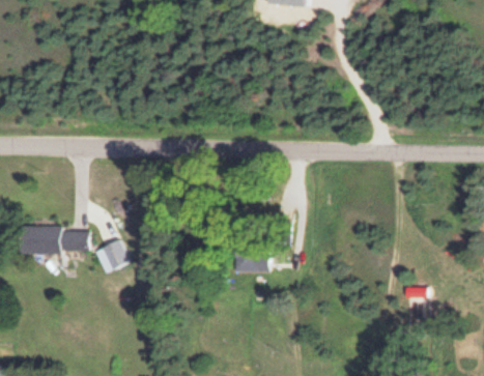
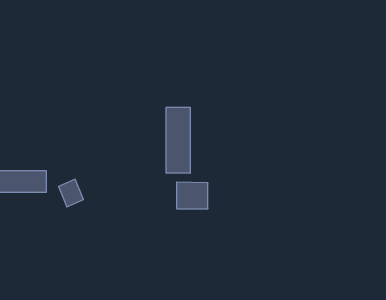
building: none -> [166,107,190,173]

